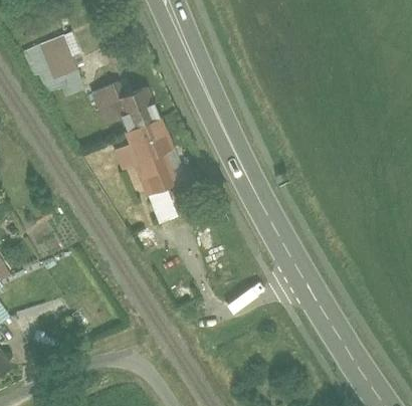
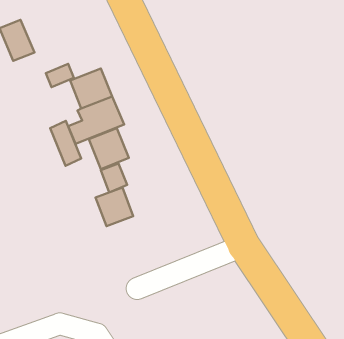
building: none -> [50,121,81,166]
building: none -> [96,187,133,226]

